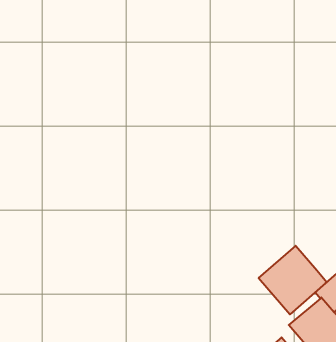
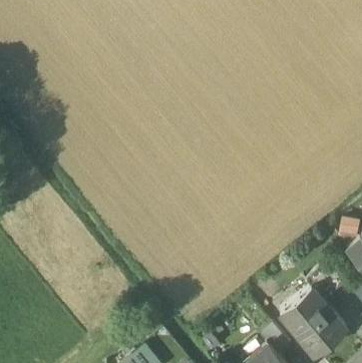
building: [259,246,327,314] -> none

